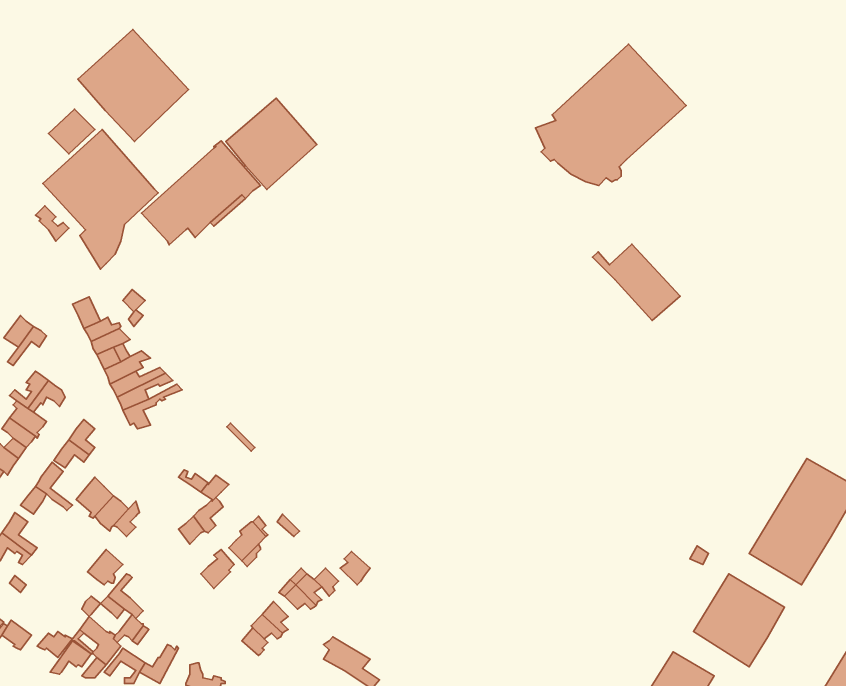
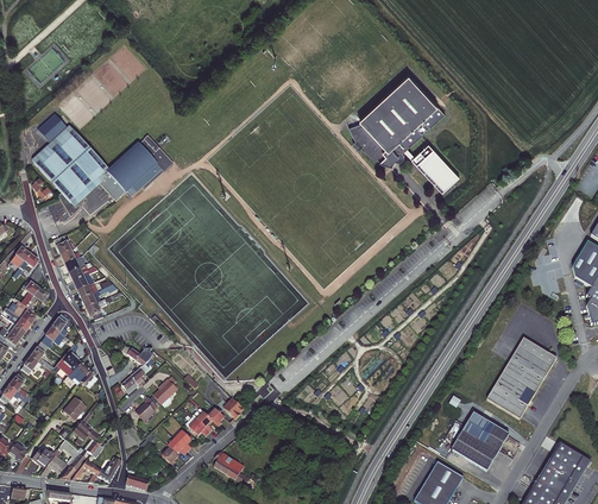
building: [78,29,189,142] -> none
building: [226,98,317,190] -> none
building: [593,244,680,320] -> [404,141,460,190]

